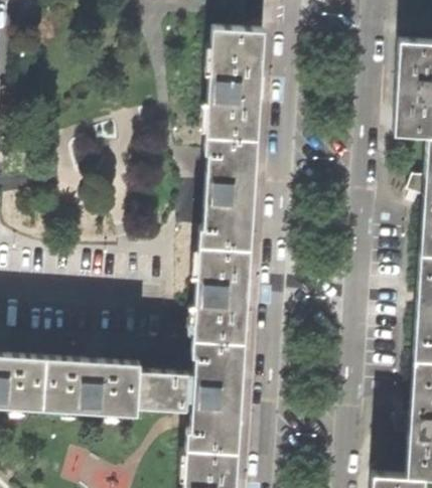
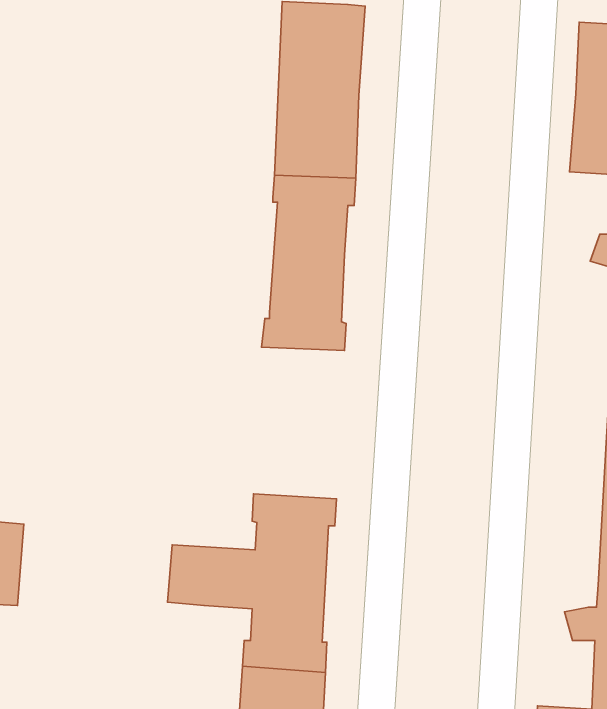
building: [194,249,252,344] -> none
building: [45,360,143,418] -> none

